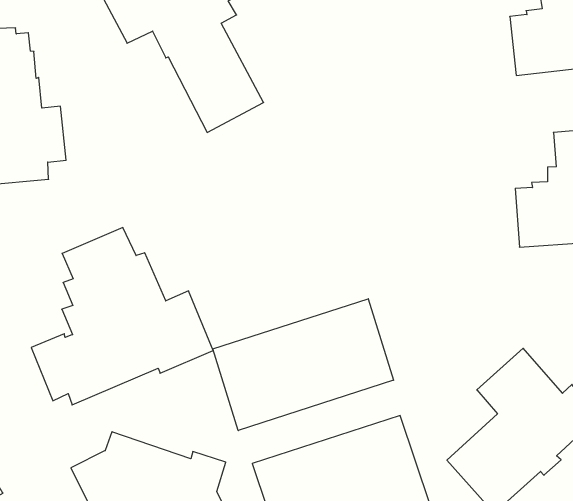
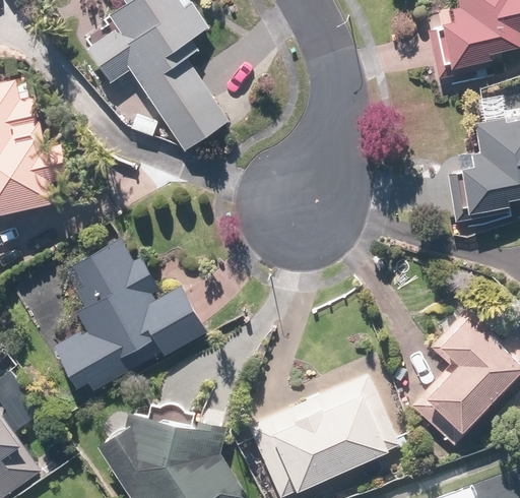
building: [213,299,394,431] -> none

